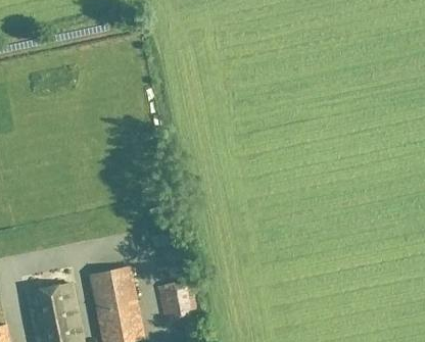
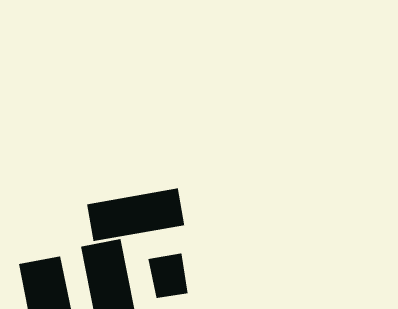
building: none -> [86,188,185,242]

